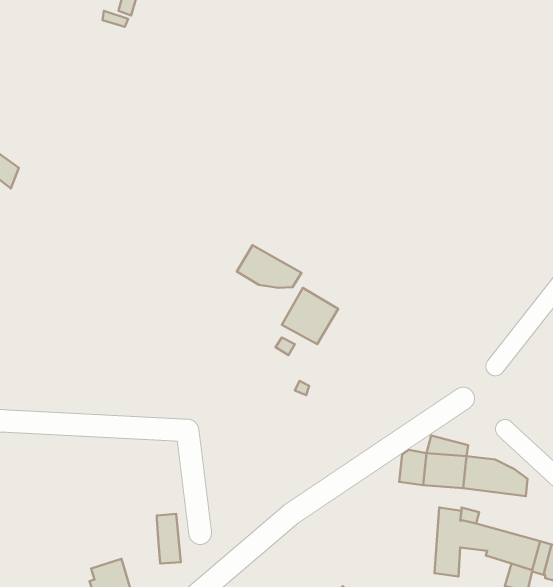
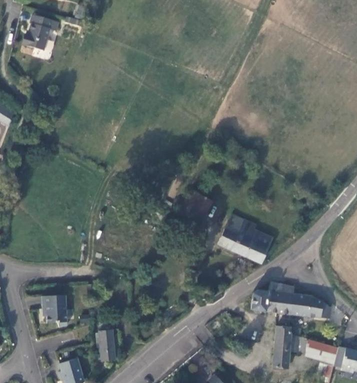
building: none -> [24,14,59,49]
building: [237,245,301,288] -> none
building: none -> [218,213,273,263]
building: none -> [43,294,68,326]

